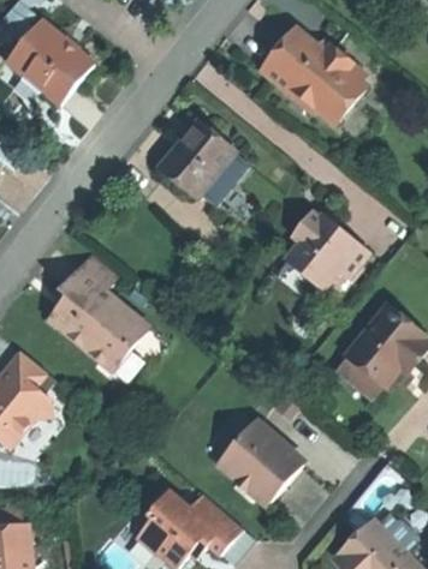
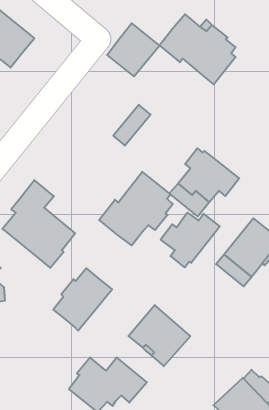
building: [162,121,233,193] -> [107,23,159,76]
building: none -> [99,172,173,245]
building: none -> [161,213,220,267]
building: none -> [53,268,112,331]

